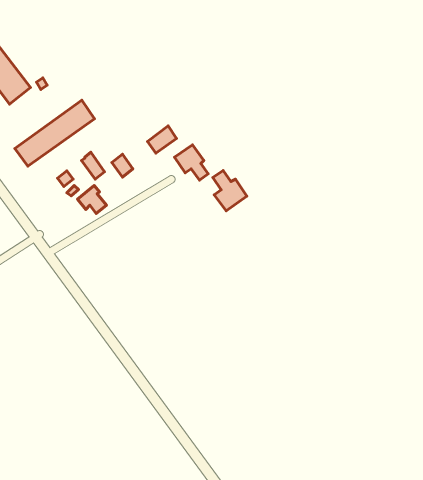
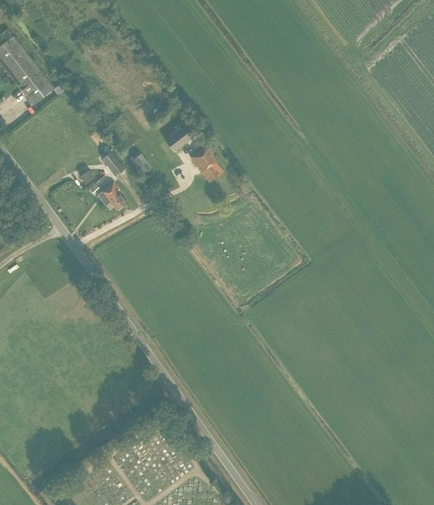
building: [15,100,94,166] -> none
building: [213,171,247,211] -> none

